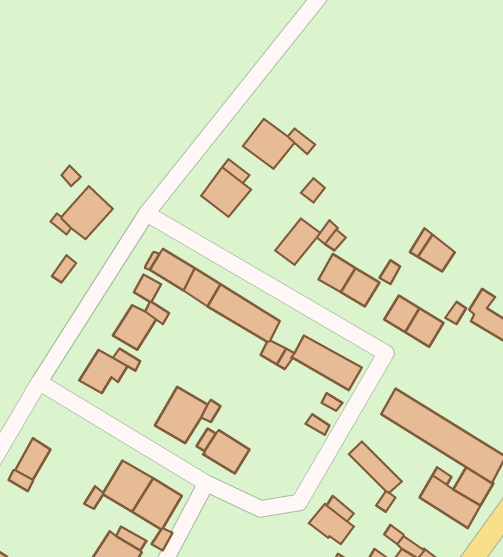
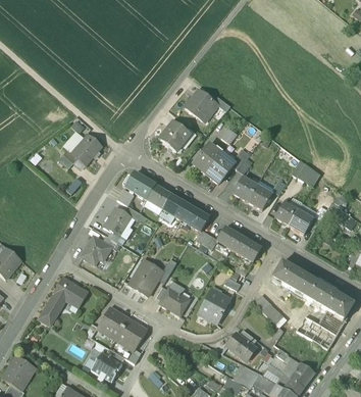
building: none -> [194,142,222,172]
building: none -> [52,276,88,308]
building: none -> [199,288,231,322]

